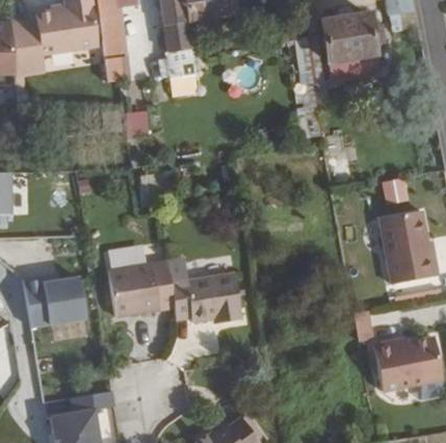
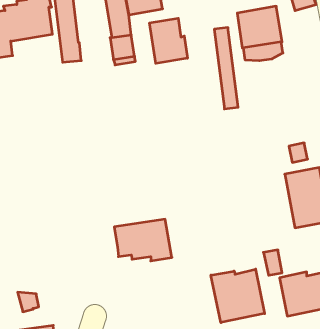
building: none -> [150,18,187,63]
building: [107,260,174,316] -> none
building: [38,271,86,322] -> none
building: none -> [211,269,265,323]

